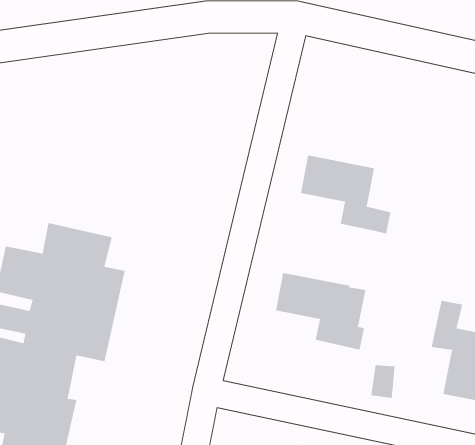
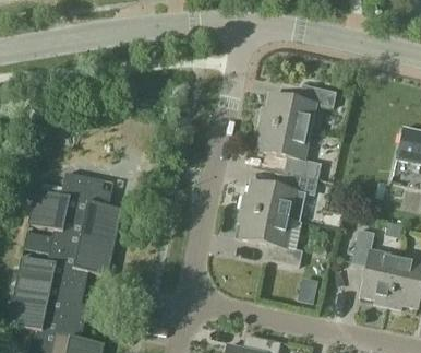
building: none -> [258,85,336,131]
building: none -> [240,173,309,219]

